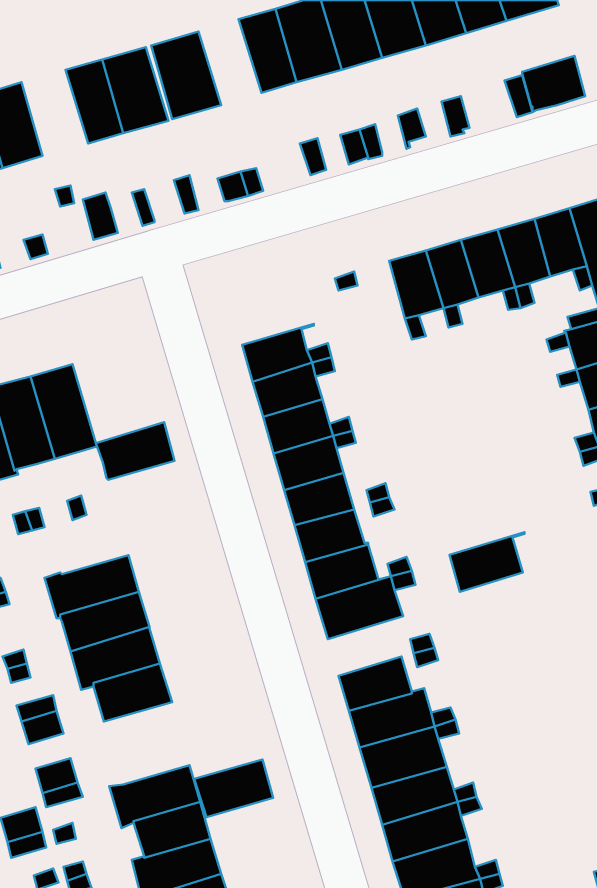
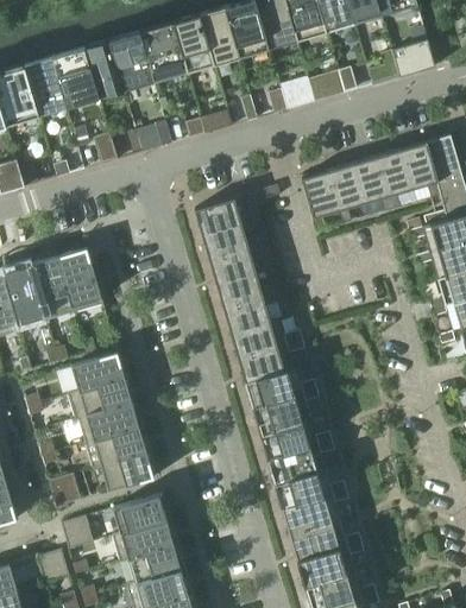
building: none -> [172,13,215,71]
building: none -> [52,48,97,106]
building: none -> [195,194,251,234]
building: [96,422,175,480] -> [71,350,125,390]
building: [449,532,525,592] -> [260,418,311,458]
building: [194,759,273,817] -> [113,493,166,532]

